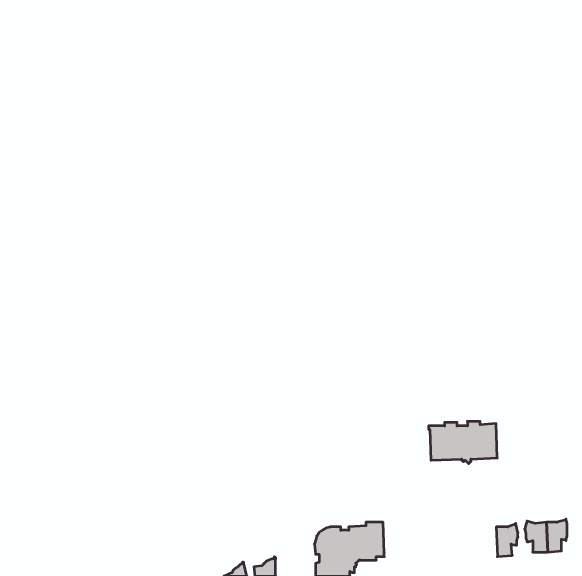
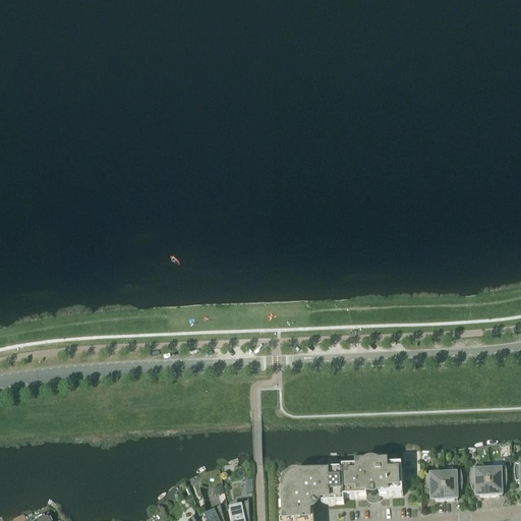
building: [429,421,497,464] -> [340,458,401,496]
building: none -> [423,468,443,496]

